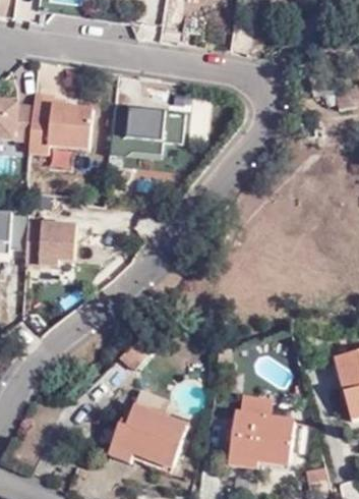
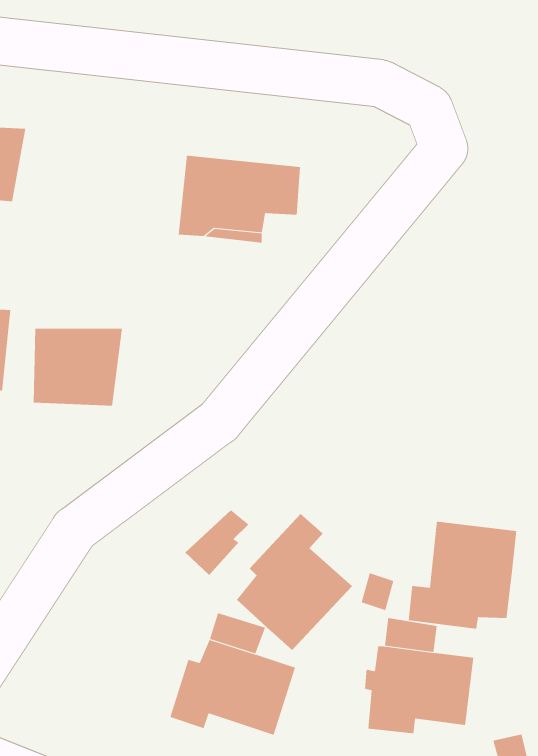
building: [32,98,96,159] -> none
building: none -> [236,513,353,651]
building: none -> [408,521,517,629]

